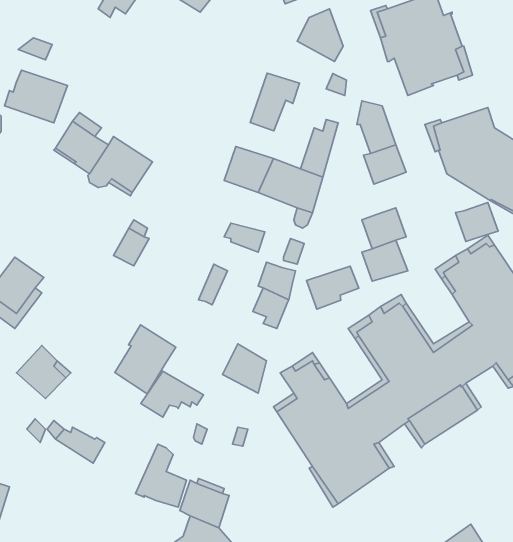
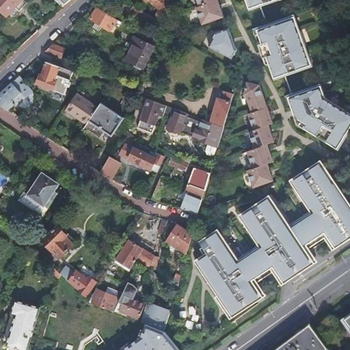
building: none -> [123,35,152,67]
building: [250,73,300,131] -> [136,98,165,132]
building: [455,202,498,241] -> [247,124,272,147]
building: none -> [127,145,162,171]
building: [307,266,359,309] -> none
building: [115,325,176,394] -> none
building: none -> [87,287,117,310]

